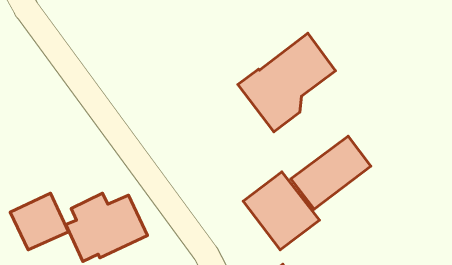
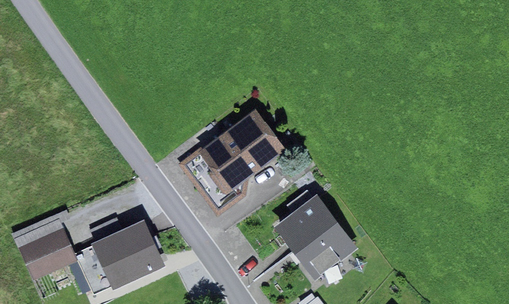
building: [238,33,336,132] -> [177,108,286,218]
building: [291,136,371,209] -> none

